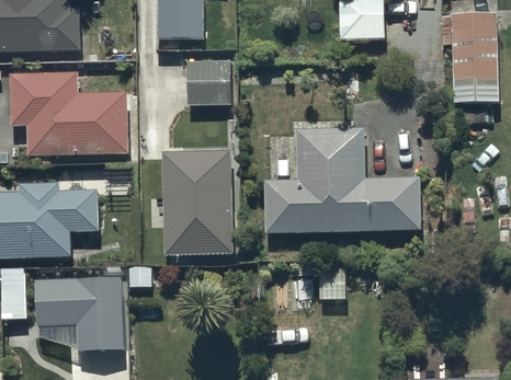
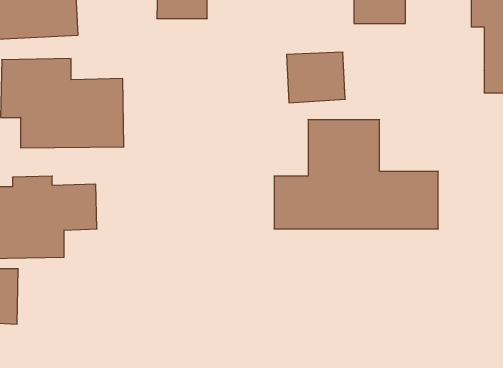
building: [184,59,239,106] -> [287,52,345,103]
building: [160,152,230,253] -> none
building: [32,278,121,354] -> none

